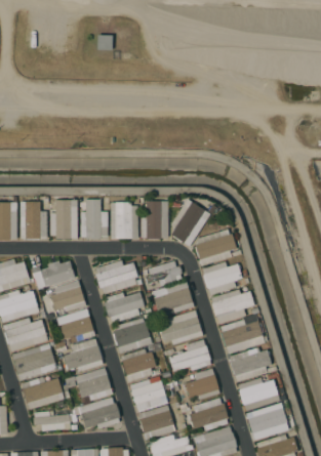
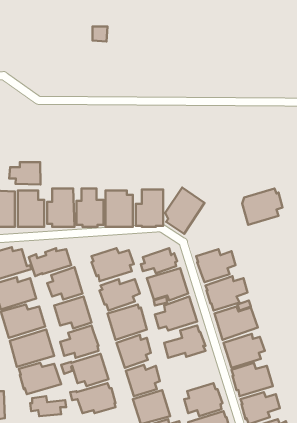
building: none -> [9,162,40,184]
building: [195,230,236,266] -> [242,188,282,225]
building: [186,368,219,400] -> none

